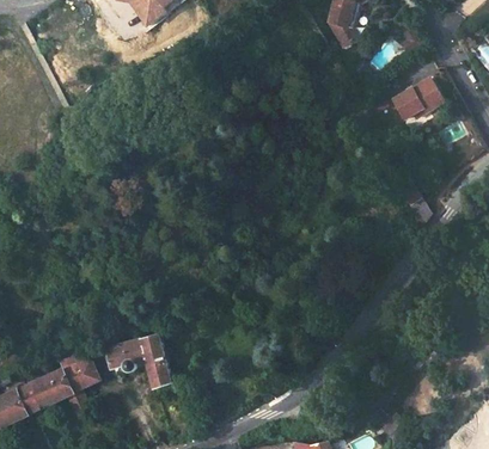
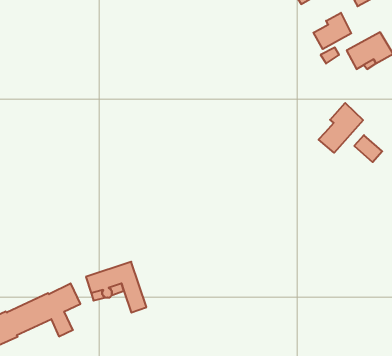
building: none -> [313,13,351,49]
building: none -> [319,103,363,153]

